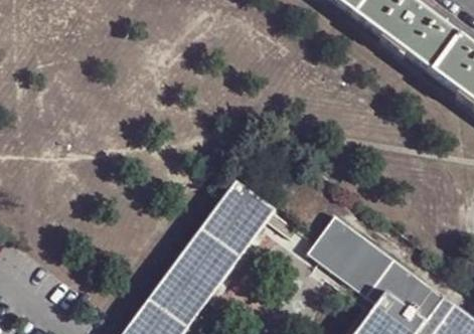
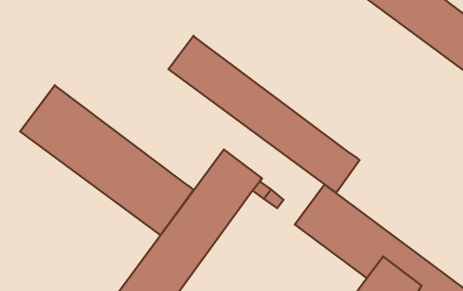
building: none -> [168,36,360,193]
building: none -> [20,85,193,235]

